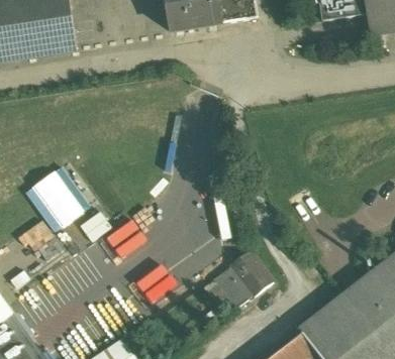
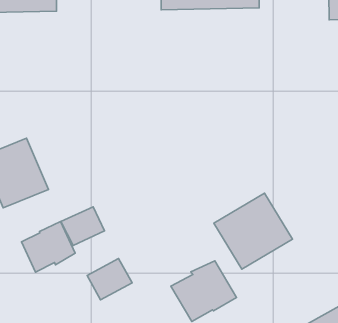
building: none -> [214,193,293,269]
building: none -> [21,222,75,272]

